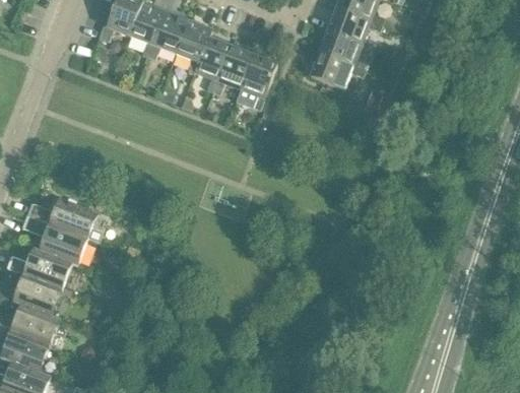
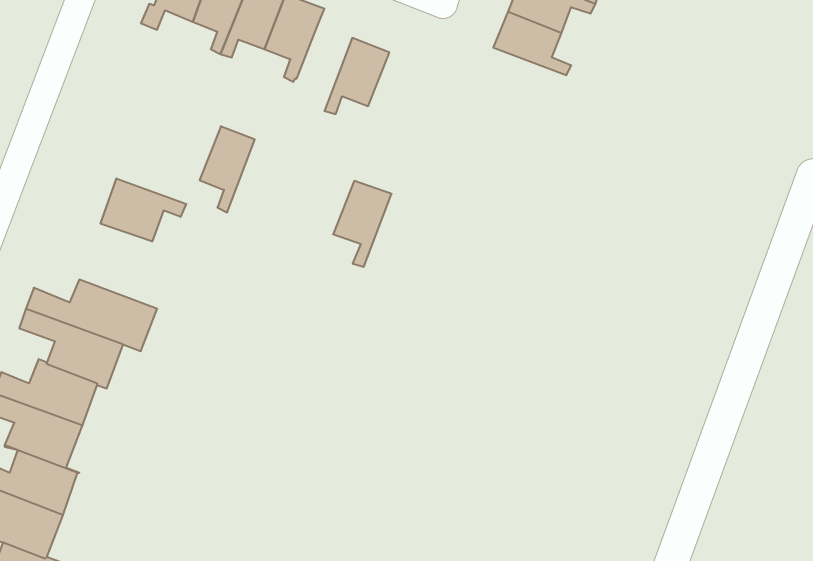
building: [194,37,229,90] -> [200,126,255,212]
building: [308,51,363,87] -> none
building: [239,54,275,108] -> [333,181,392,267]
building: none -> [101,178,186,242]

